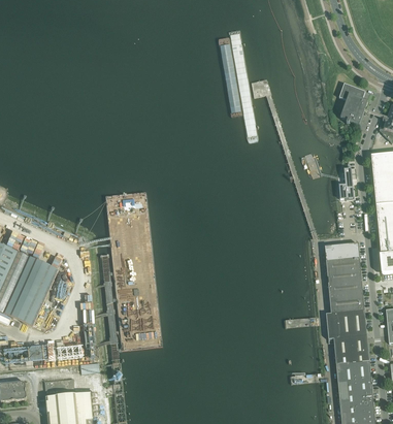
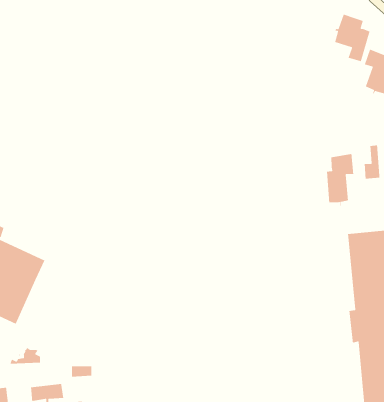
building: none -> [334,14,371,62]
building: none -> [326,153,354,207]

